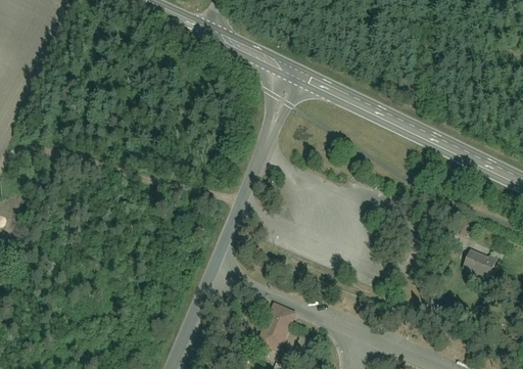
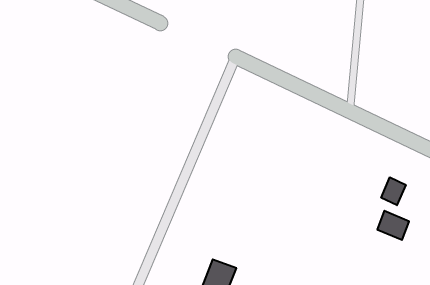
building: none -> [381,177,406,205]

